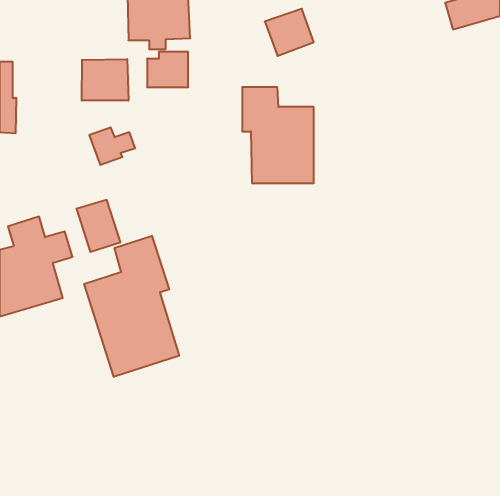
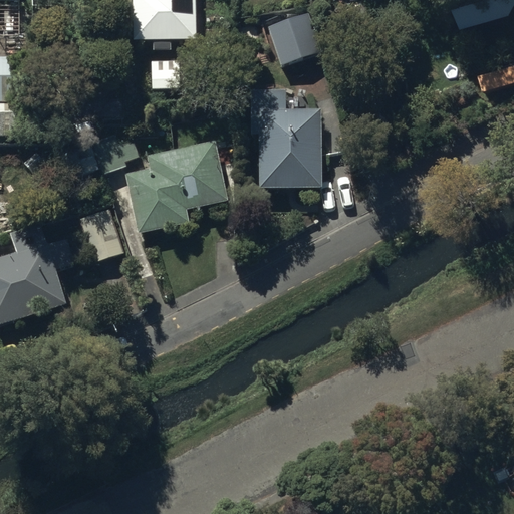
building: [82,59,128,101] -> none
building: none -> [125,137,239,234]
building: [84,236,179,377] -> none

